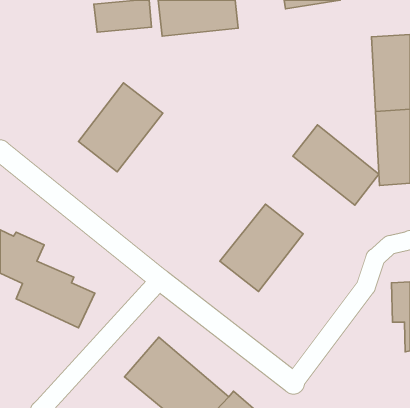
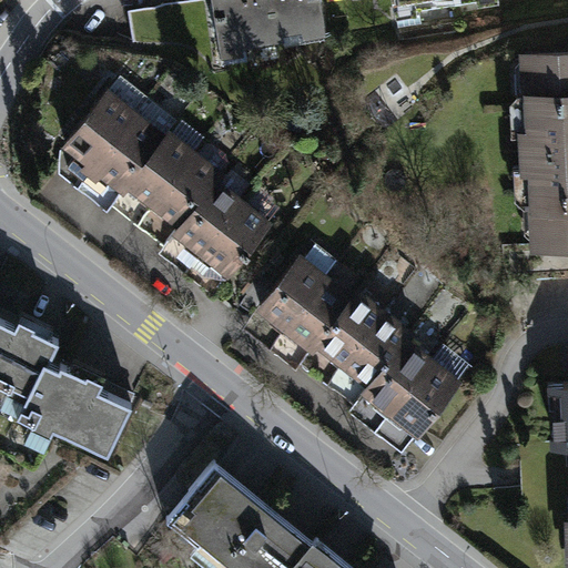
building: none -> [54,75,171,199]
building: none -> [162,160,280,283]
building: [293,125,379,205] -> none
building: none -> [252,244,367,364]
building: none -> [357,326,473,447]

